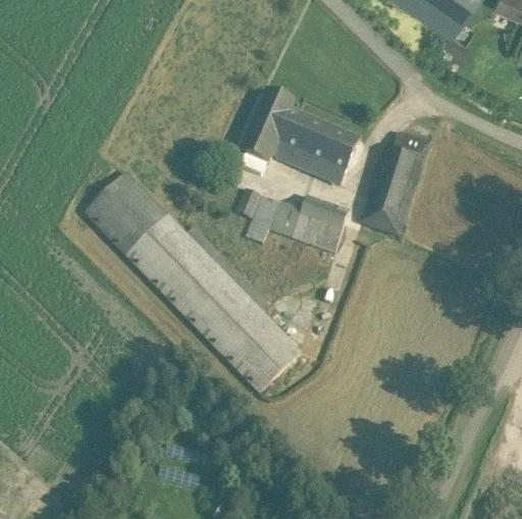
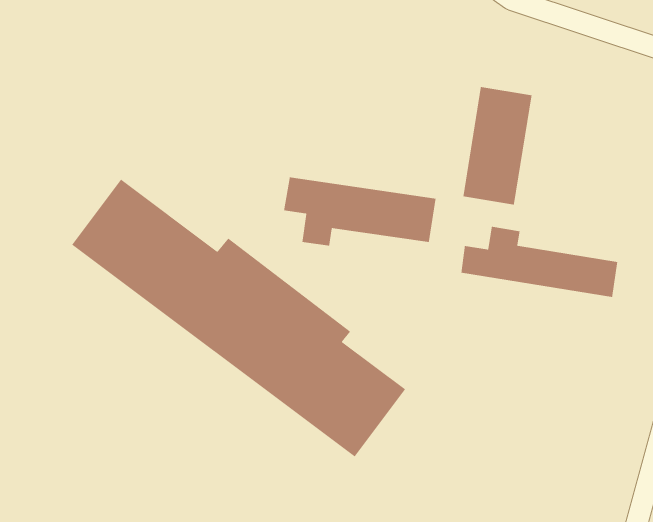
building: [242,91,361,185] -> none
building: none -> [461,226,618,298]

